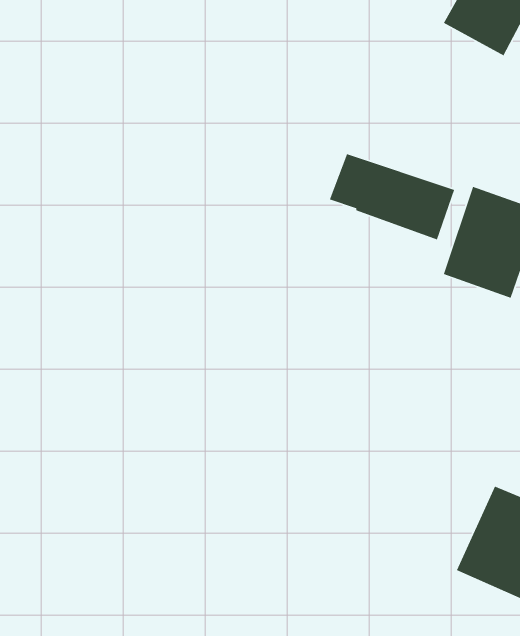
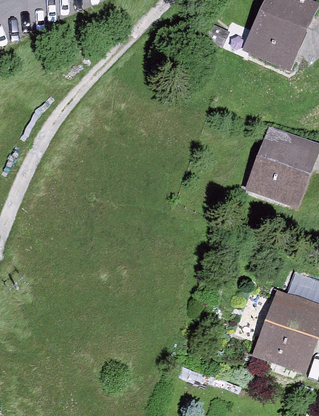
building: [329,153,455,240] -> none

